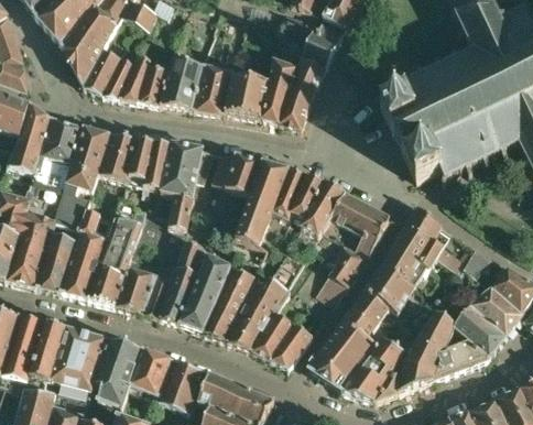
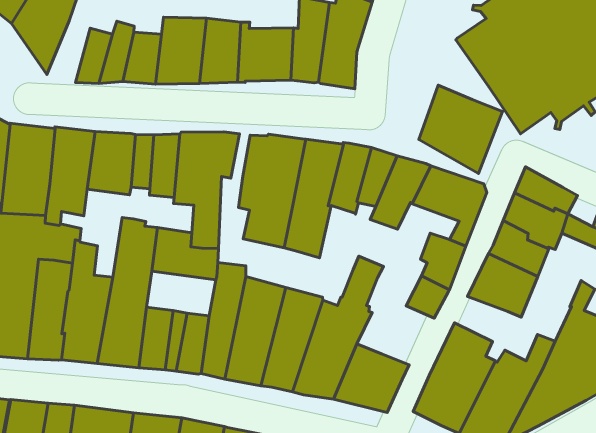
building: [83,50,119,95] -> none
building: none -> [419,85,503,173]
building: [349,292,389,327] -> none

